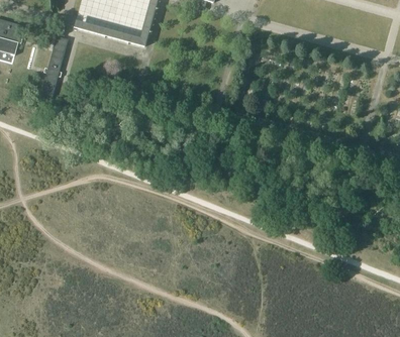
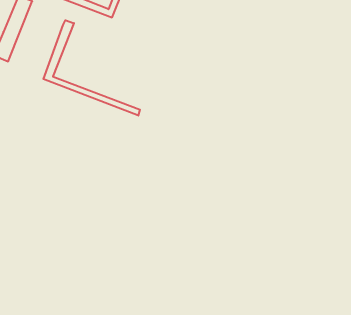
building: none -> [43,20,140,116]

